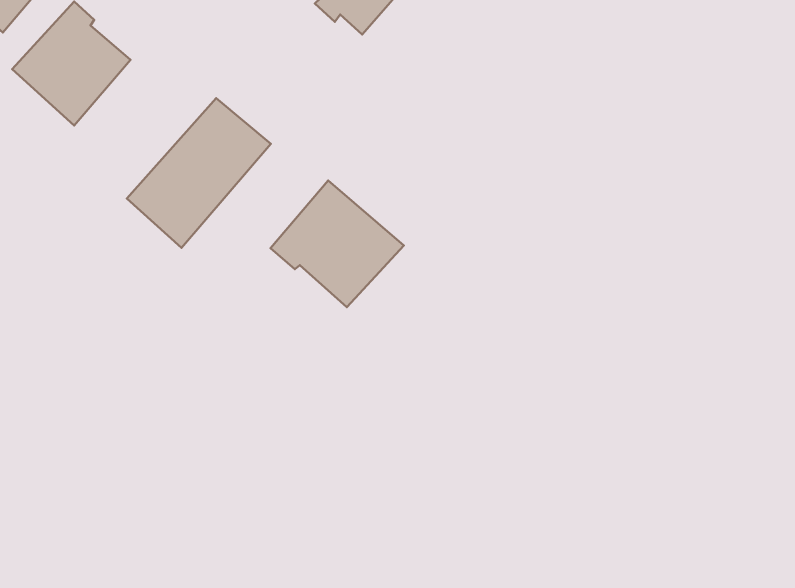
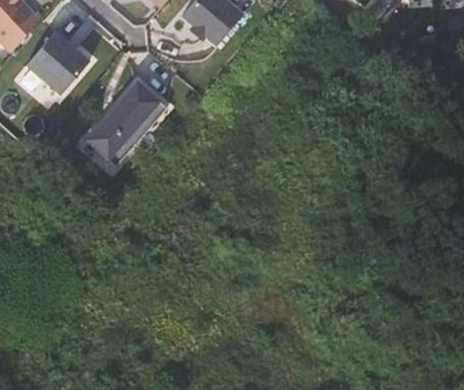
building: [270,180,404,307] -> none

